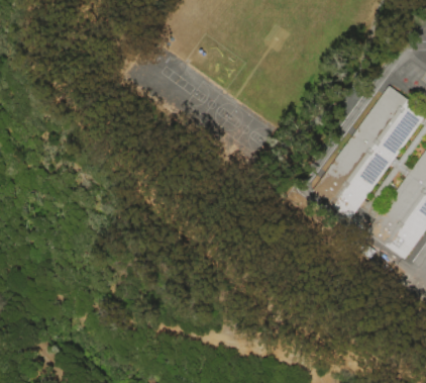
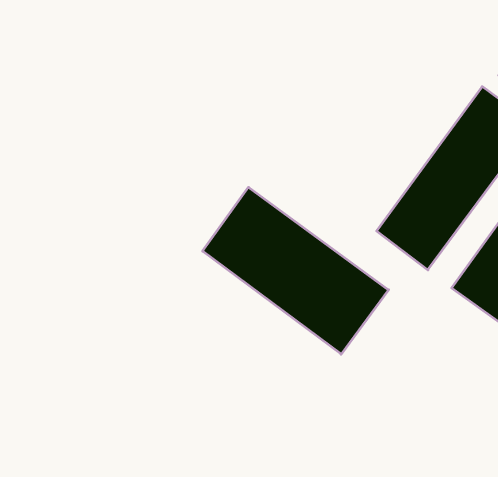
building: none -> [203,187,389,354]

